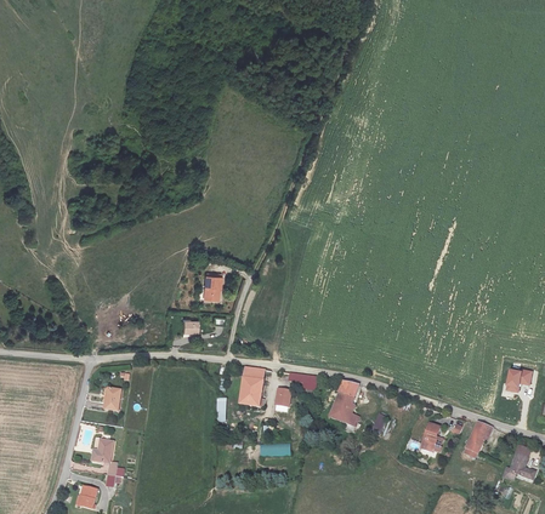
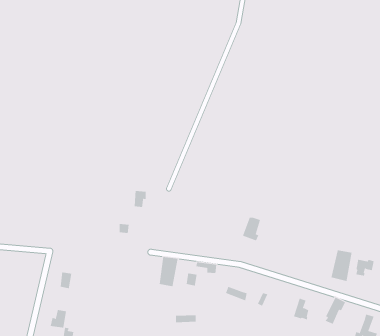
building: none -> [331,249,352,282]
building: [333,379,358,412] -> [242,217,261,241]

